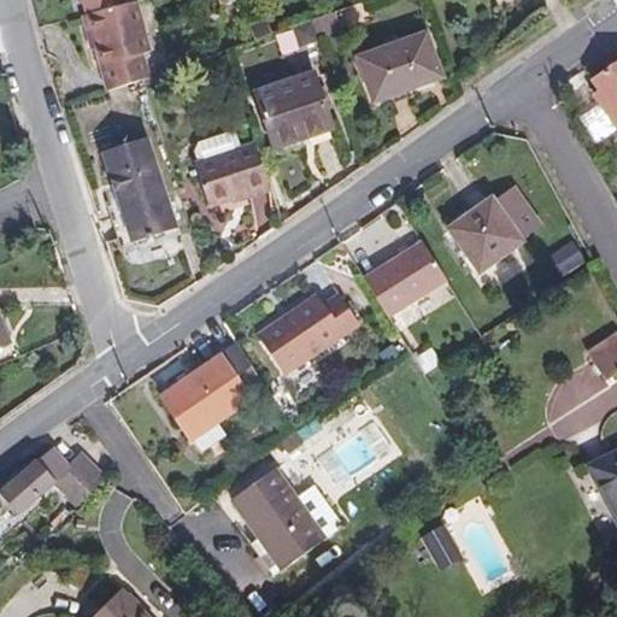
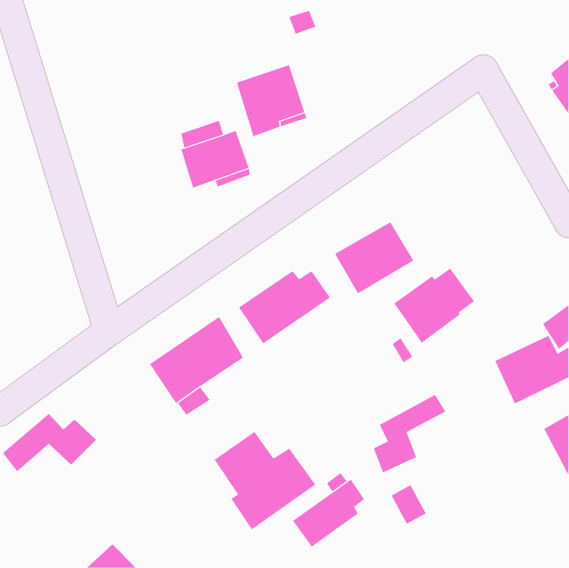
building: [75,6,140,90] -> none
building: [358,30,442,100] -> none
building: [104,135,176,241] -> none
building: [449,188,537,270] -> [394,268,475,344]
building: none -> [373,394,446,473]
building: none -> [292,479,365,548]

